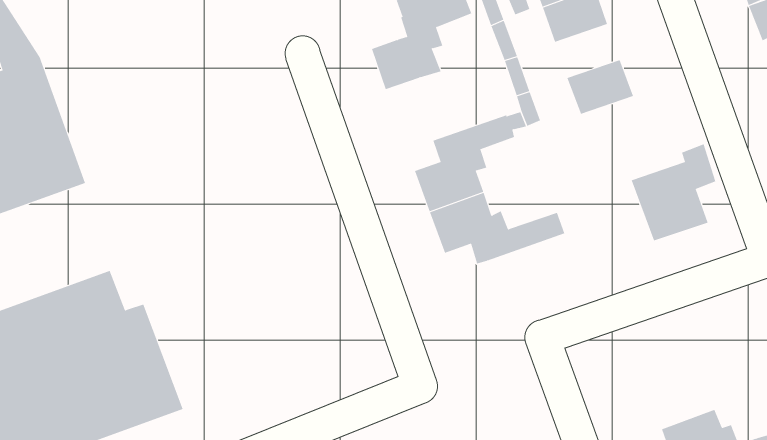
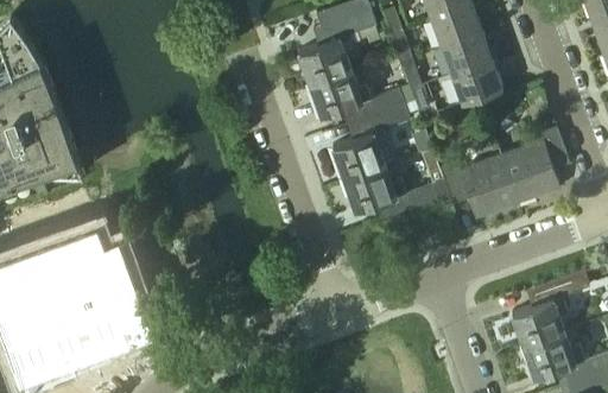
building: none -> [441,37,492,78]
building: none -> [309,74,404,127]
building: none -> [439,158,518,221]
building: none -> [512,274,589,351]

